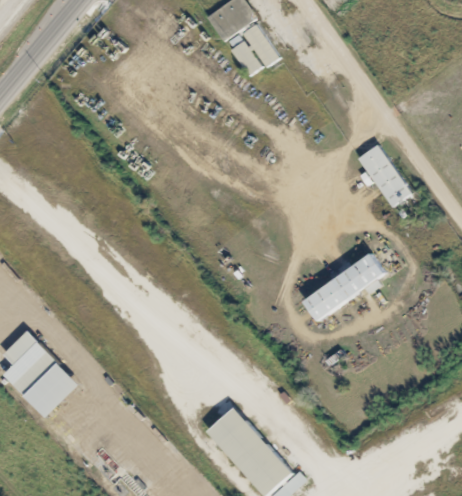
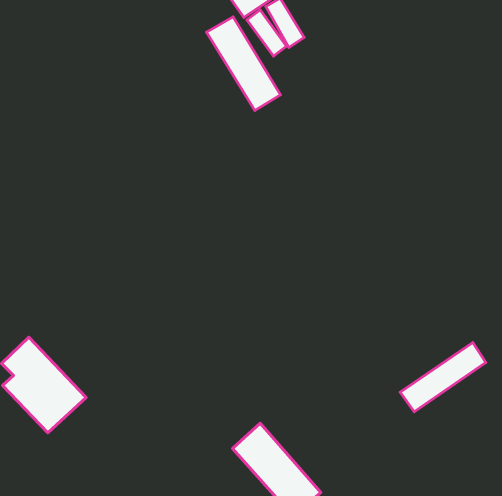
building: none -> [207,17,281,111]
building: [358,143,412,206] -> none
building: [307,255,385,318] -> [400,343,486,412]

